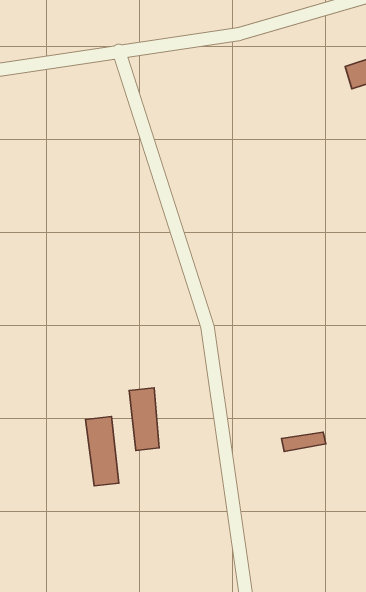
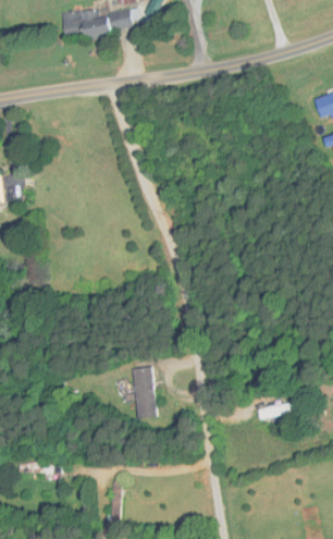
building: [85,417,119,486] -> none

